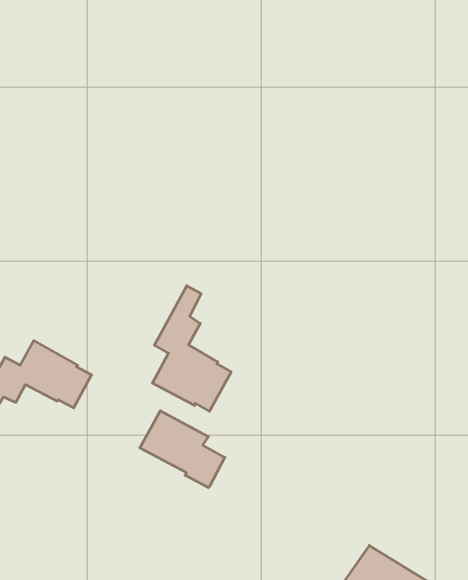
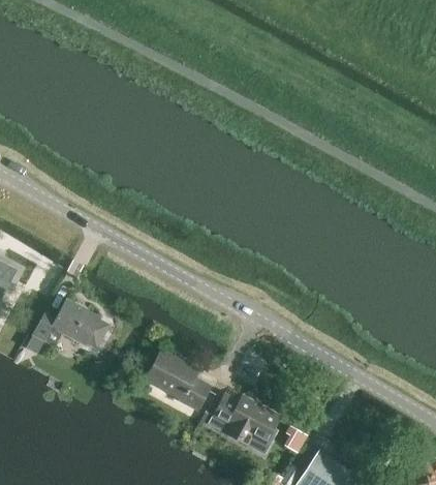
building: [152,286,231,411] -> none
building: none -> [210,395,280,451]

